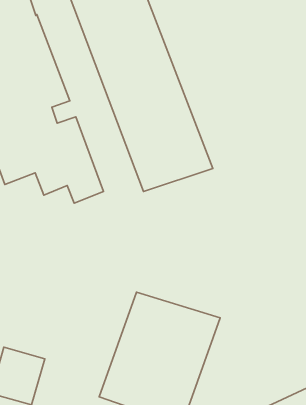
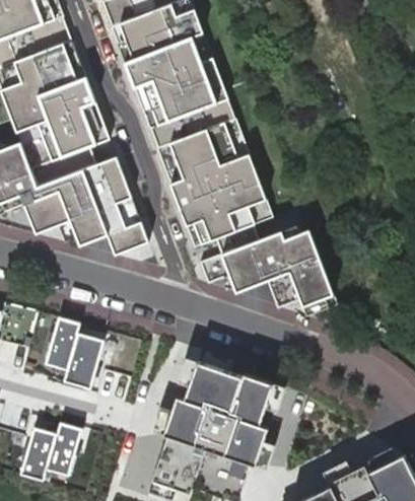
building: none -> [198,222,336,314]
building: none -> [36,333,98,399]

